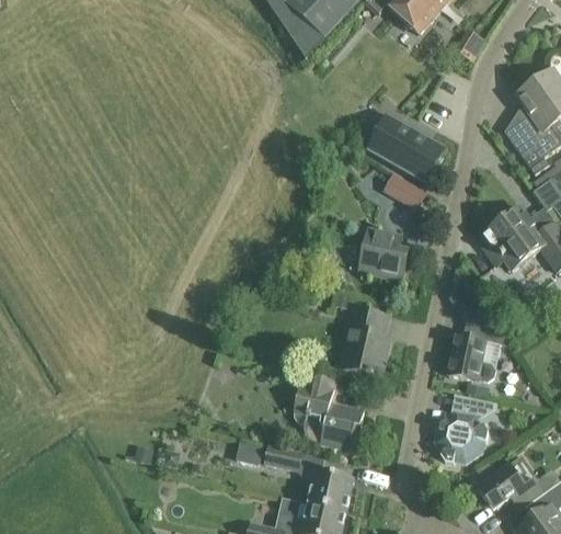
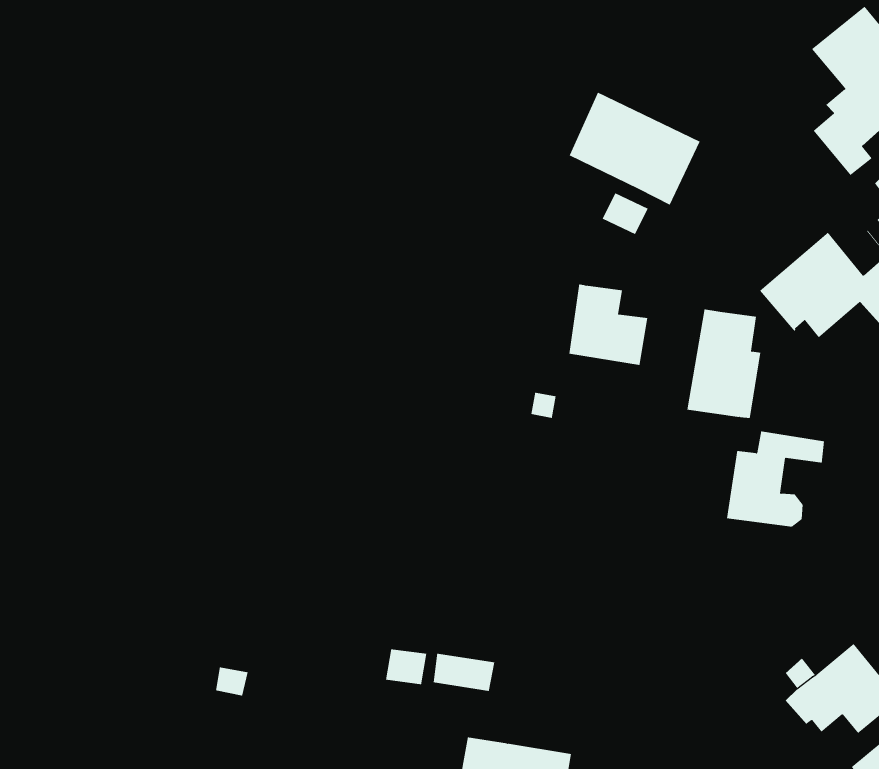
building: [341,308,388,376] -> [686,309,761,419]
building: [293,372,363,452] -> none
building: [434,395,495,463] -> none
building: [305,469,353,511] -> none

